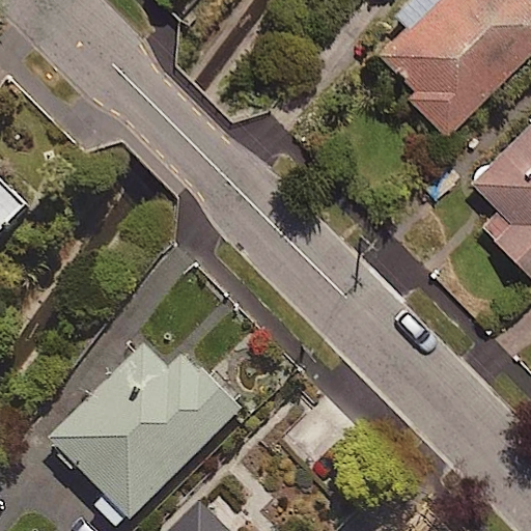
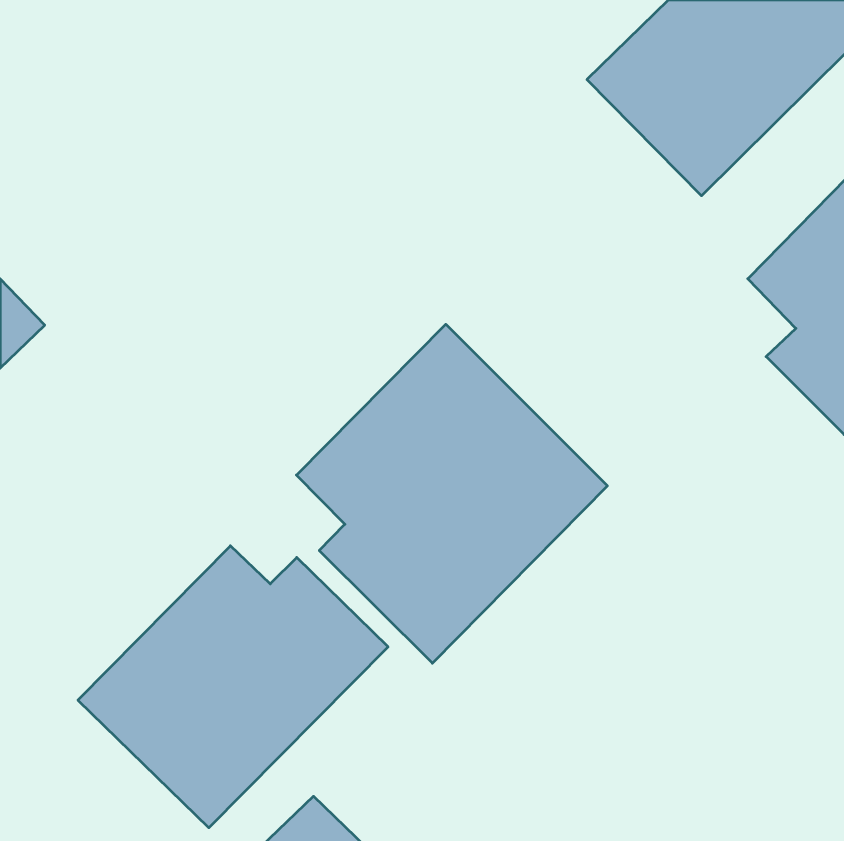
building: none -> [296,324,607,663]

